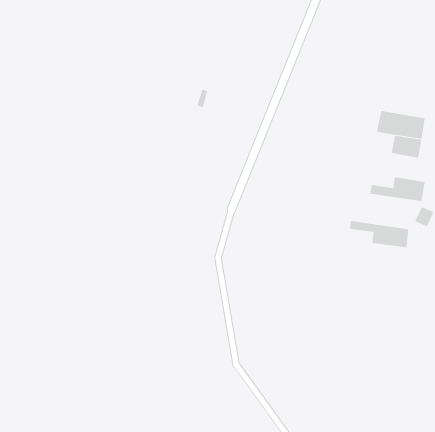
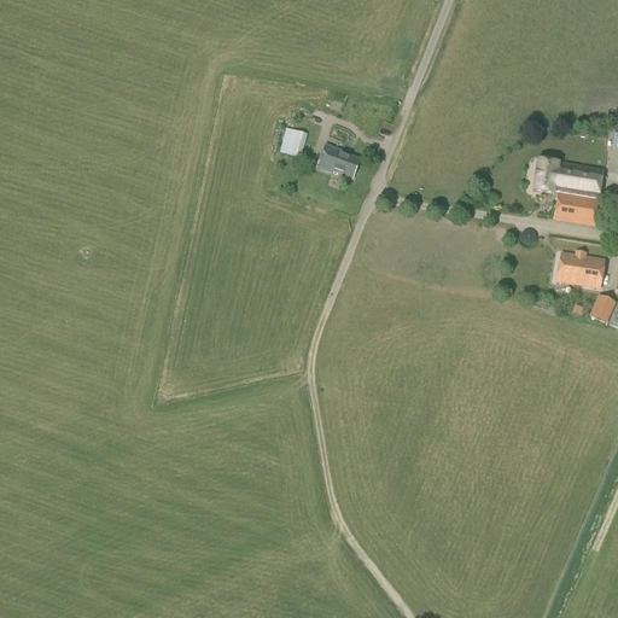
building: none -> [319,144,360,176]
building: [350,220,409,248] -> none

